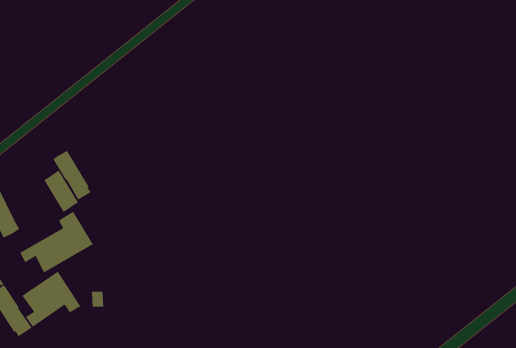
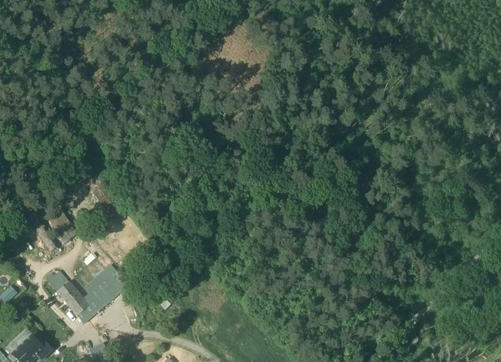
building: [53,150,91,201] -> none
building: [19,211,93,273] -> none

